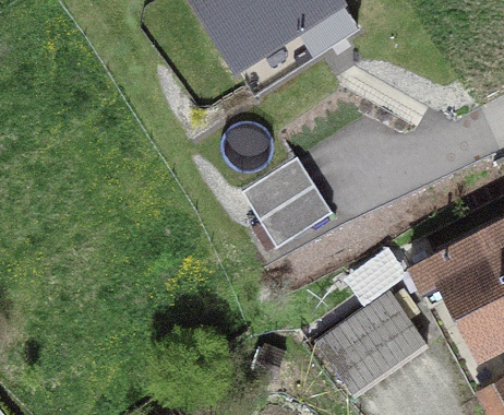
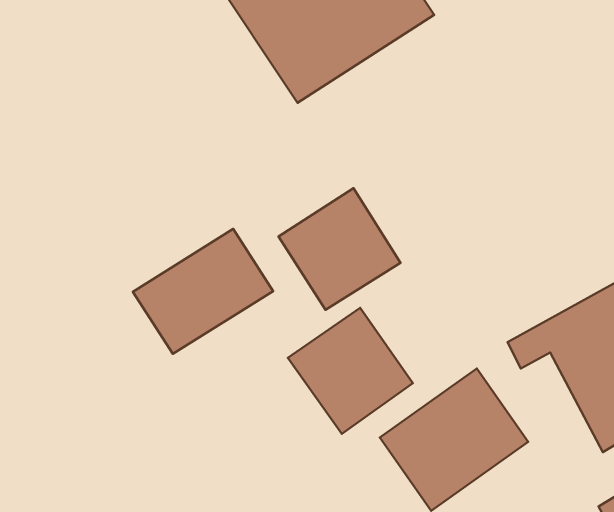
building: none -> [133,229,273,354]
building: none -> [288,308,413,434]

